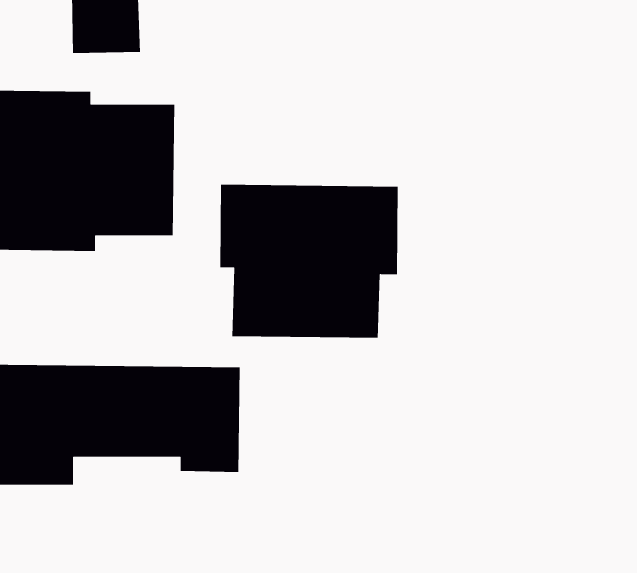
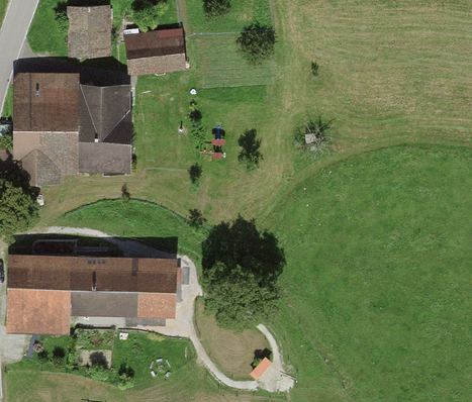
building: none -> [125,31,188,76]
building: [220,184,398,339] -> none

